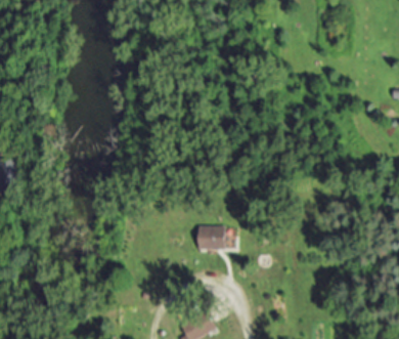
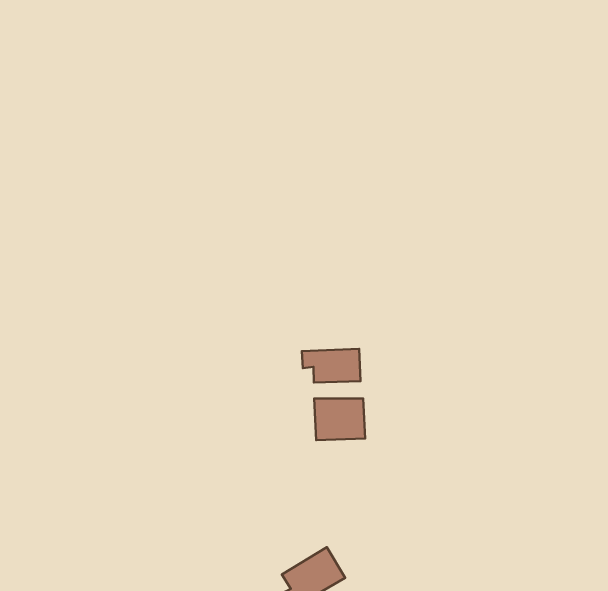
building: none -> [302,349,360,383]

